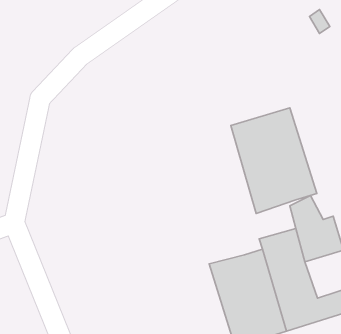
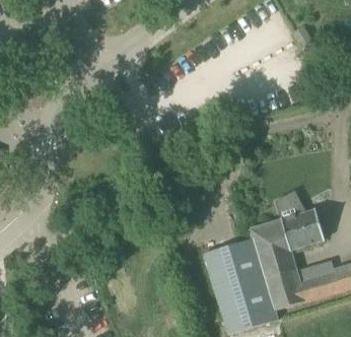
building: [231,108,317,213] -> none

